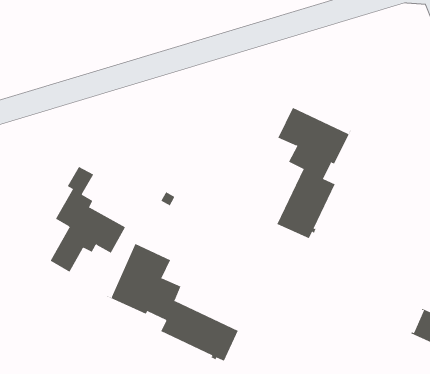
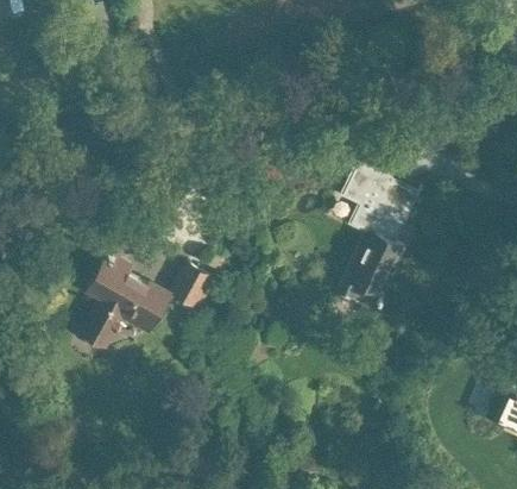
building: none -> [171,267,212,309]
building: [106,243,239,362] -> none

